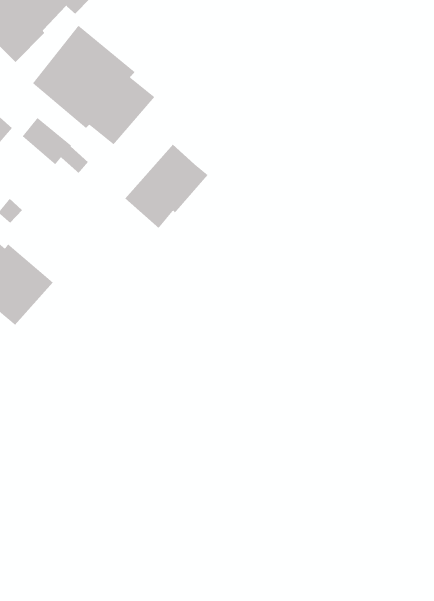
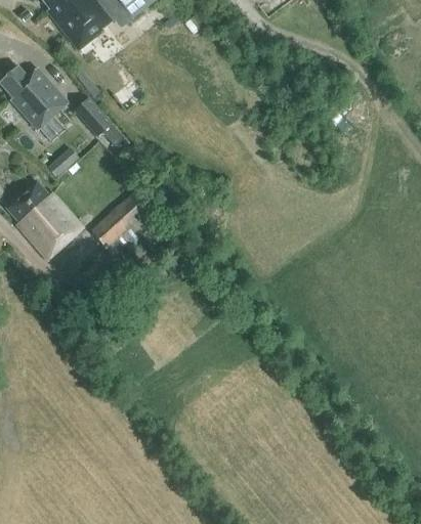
building: [32,25,155,145] -> none
building: [125,144,209,229] -> [90,191,159,257]

